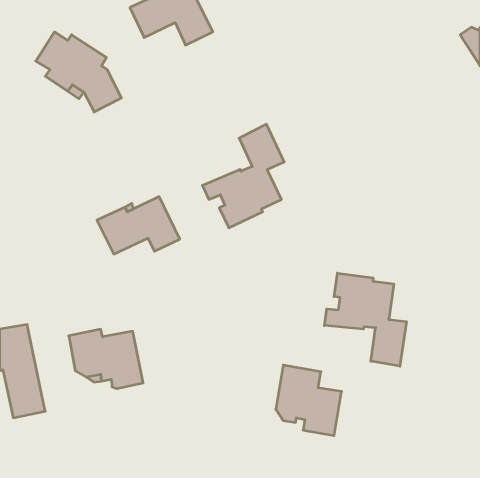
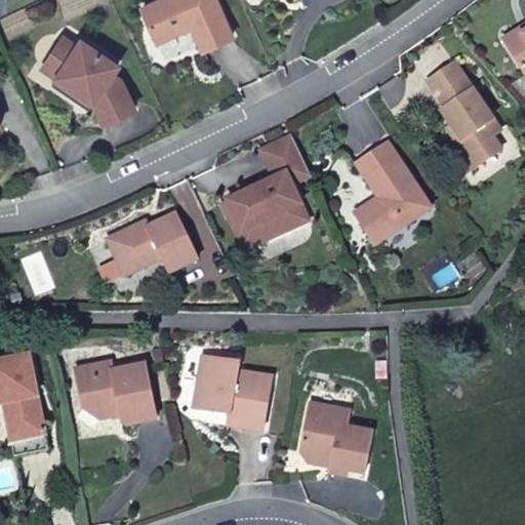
building: none -> [425,58,500,167]
building: none -> [353,143,430,246]
building: [324,273,406,366] -> none
building: none -> [194,354,273,430]

